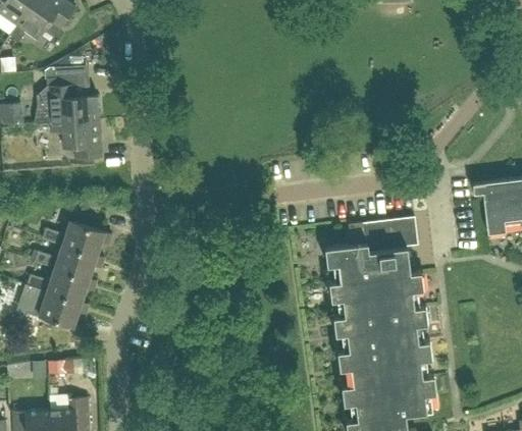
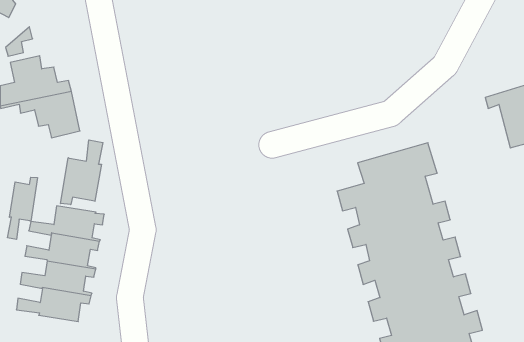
building: none -> [61,140,103,205]
building: none -> [8,177,37,239]

